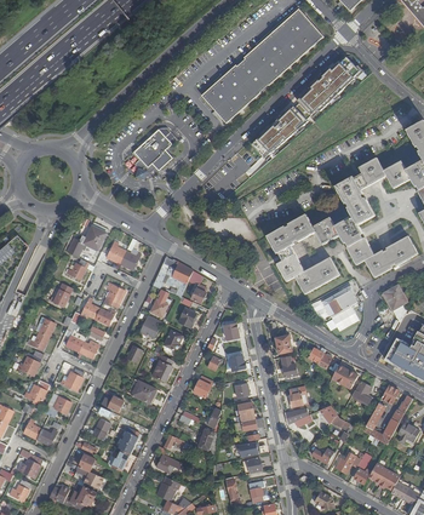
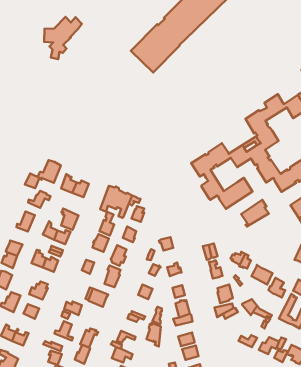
building: [252,55,361,160] -> none
building: [128,128,176,179] -> [44,17,82,59]

